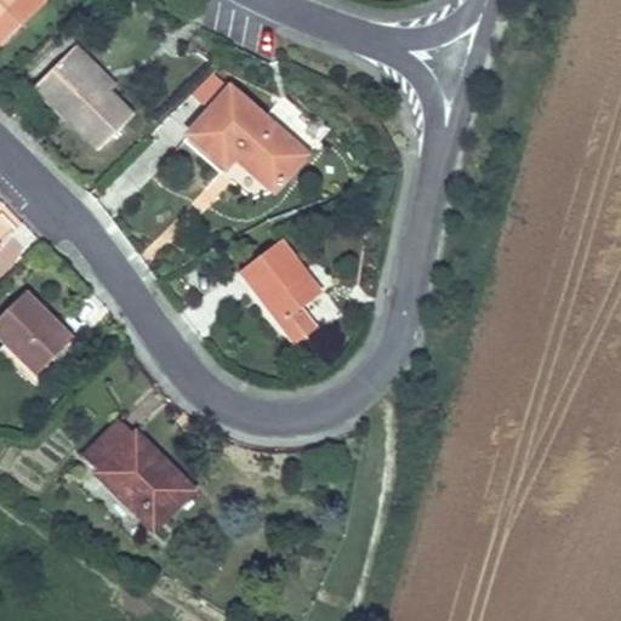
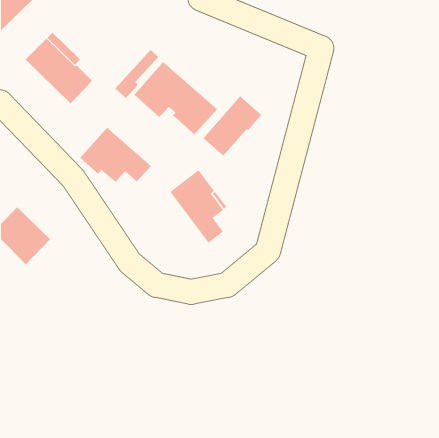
building: none -> [202,95,262,156]
building: none -> [80,127,152,183]
building: [82,418,193,529] -> none

